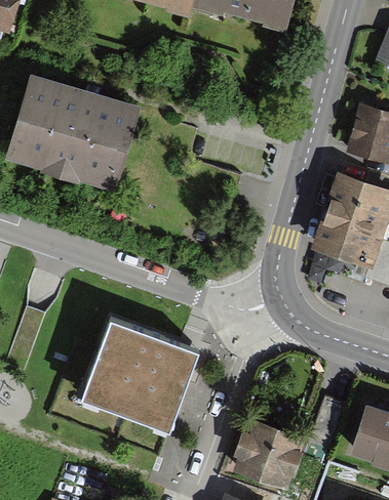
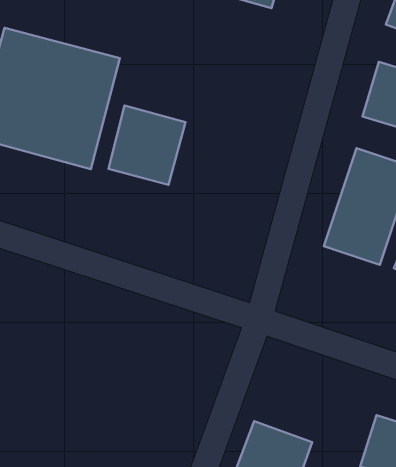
building: none -> [109,105,186,185]
building: [83,329,194,435] -> none

